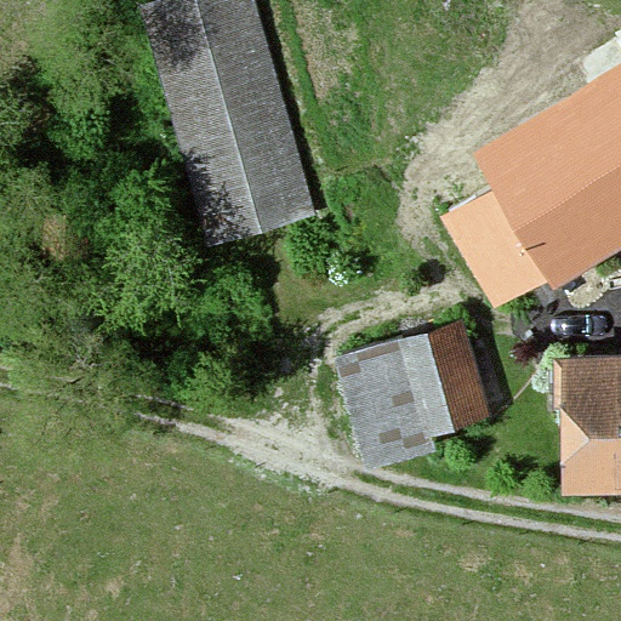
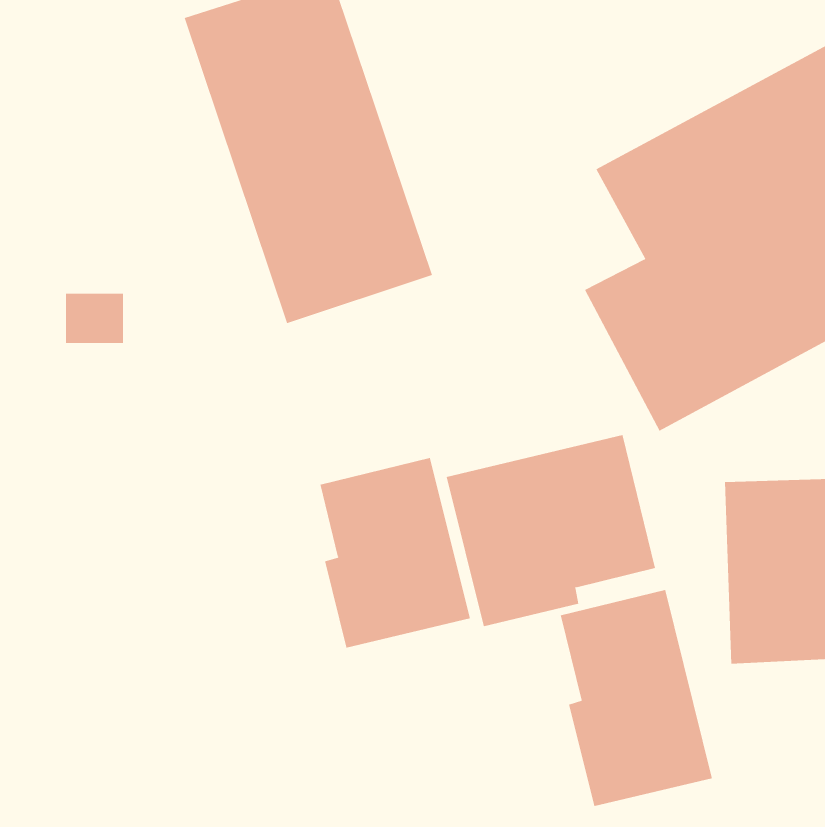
building: none -> [320,457,470,648]
building: none -> [560,589,712,807]

